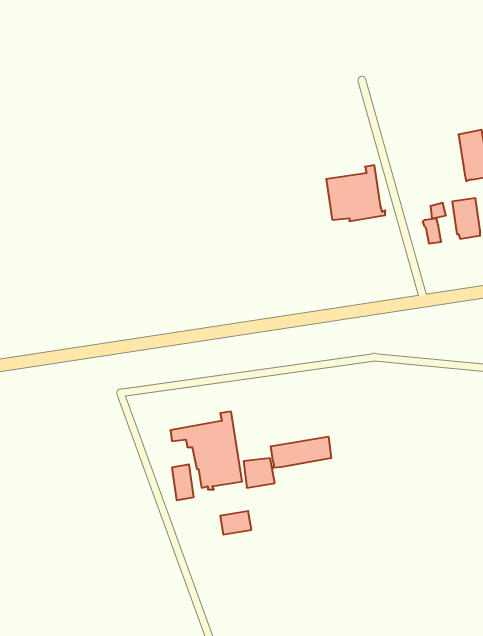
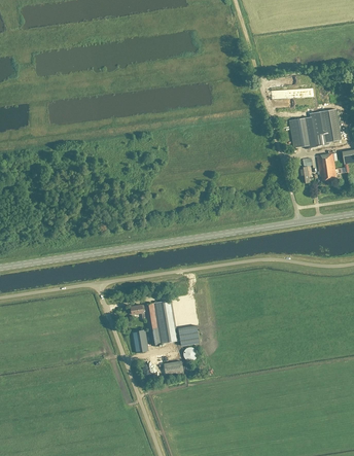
building: [326,165,385,221] -> [289,111,328,148]
building: [271,437,331,468] -> none

